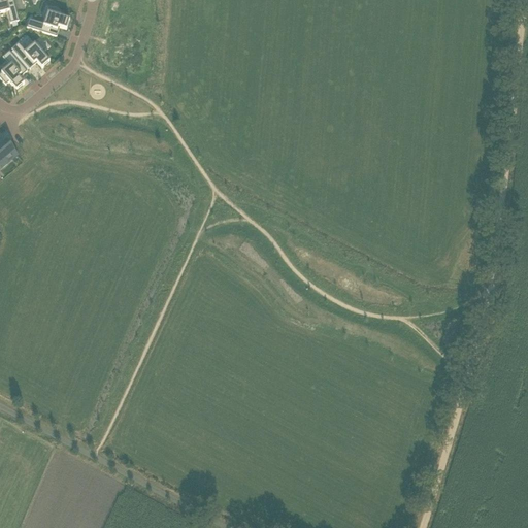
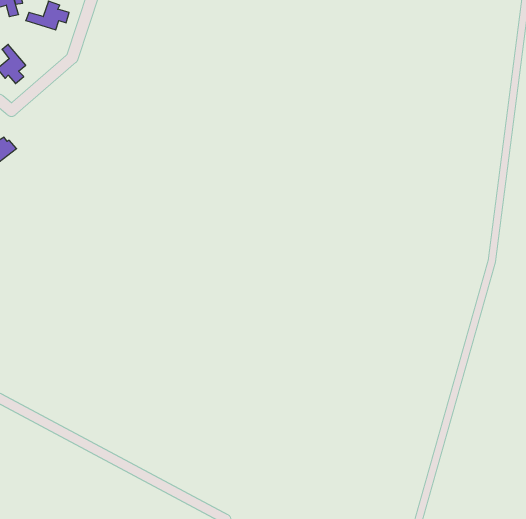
building: [10,34,48,63] -> none

